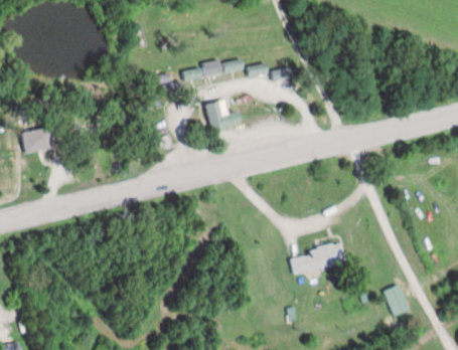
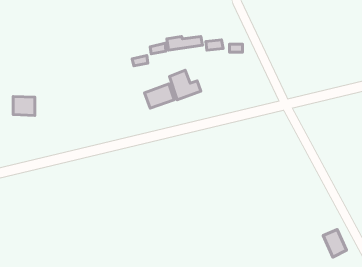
building: none -> [144,84,174,108]
building: [289,244,343,274] -> none

